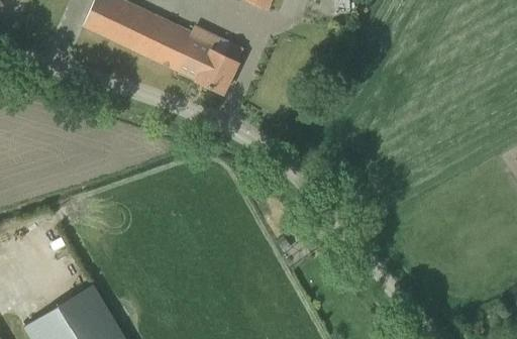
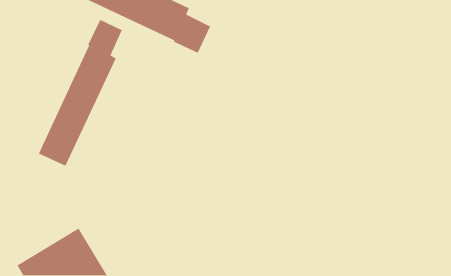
building: none -> [38,19,123,167]

